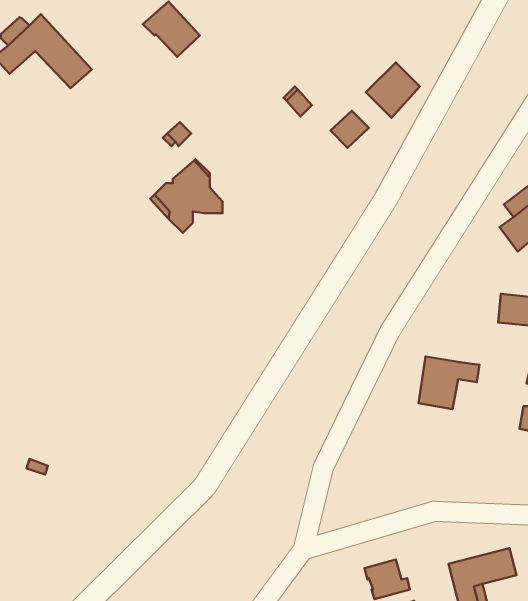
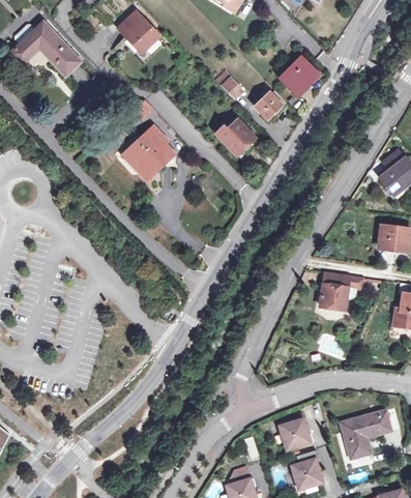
building: none -> [215,119,256,156]

